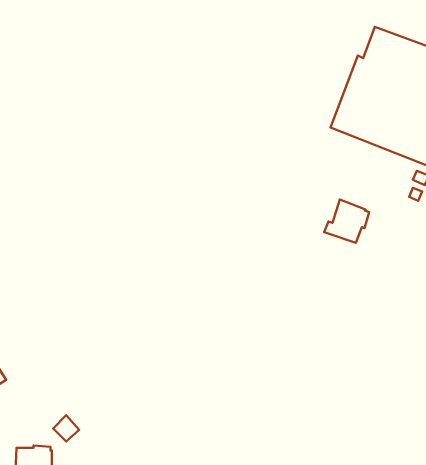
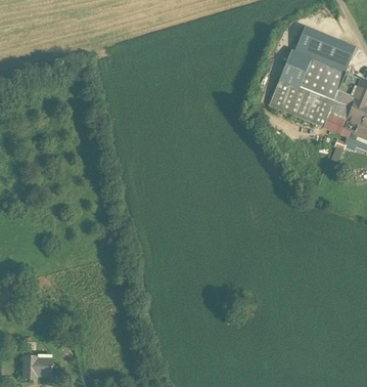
building: [324,200,369,243] -> none

